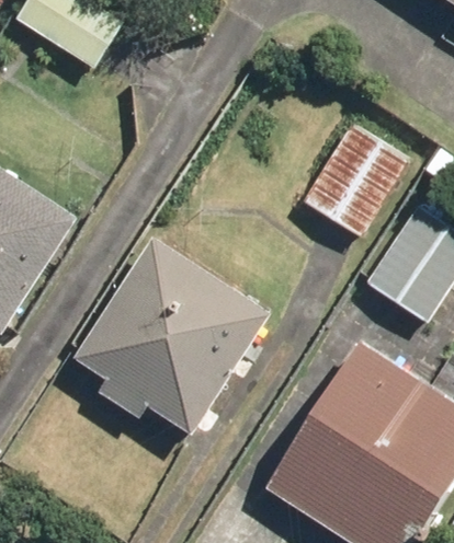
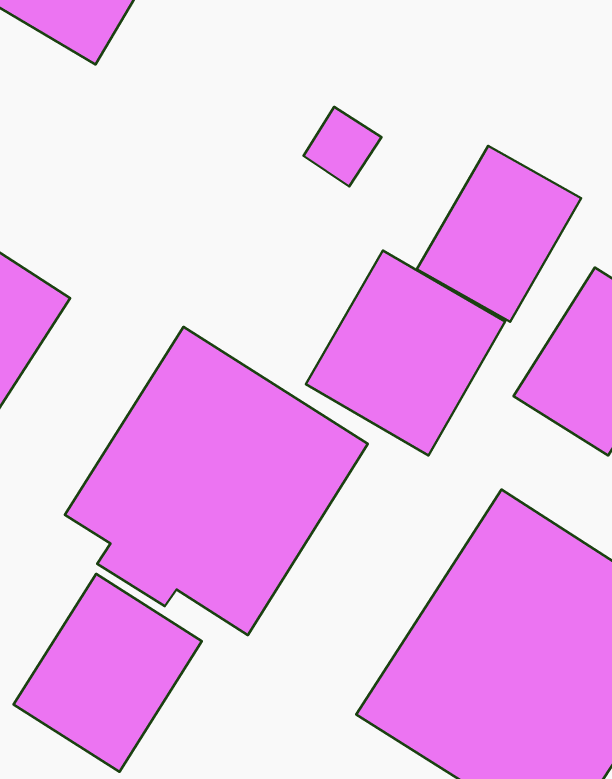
building: none -> [306,250,505,455]
building: none -> [14,574,202,772]

